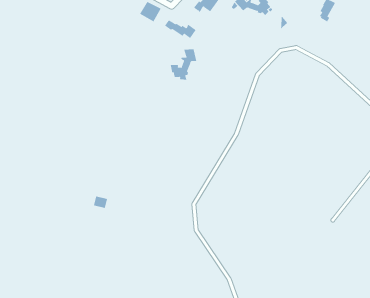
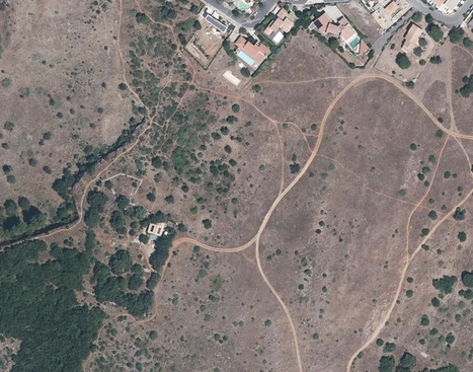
building: [170,48,197,80] -> none

